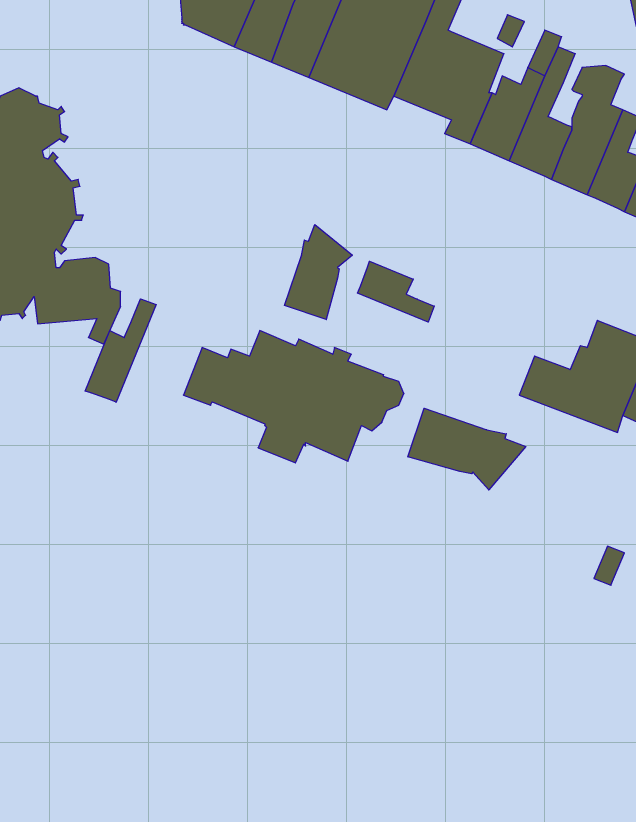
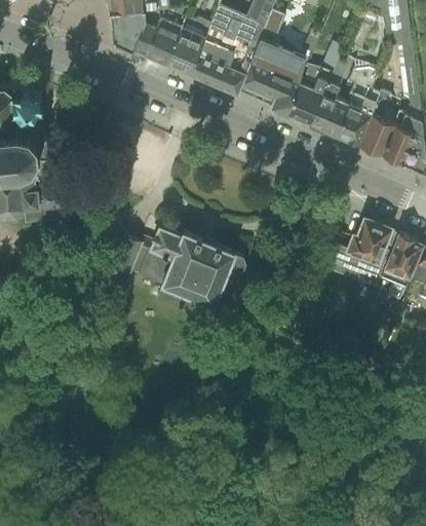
building: [285,225,352,320] -> none
building: [358,261,434,322] -> none
building: [85,299,156,402] -> none
building: [408,408,526,490] -> none

